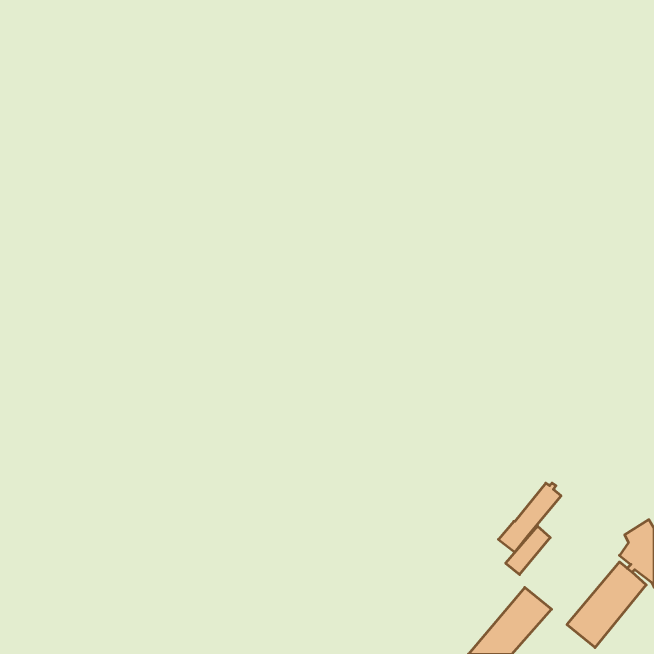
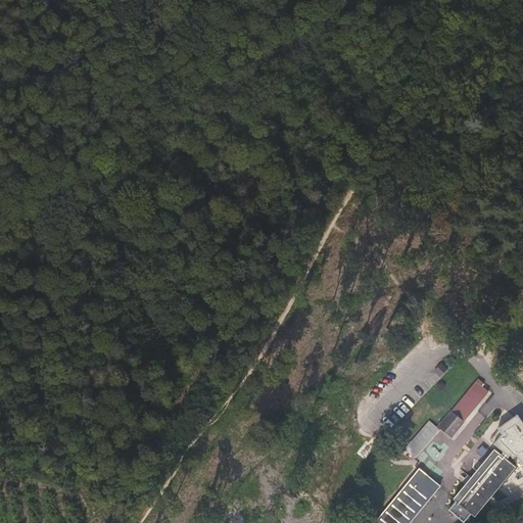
building: [498,483,561,552] -> [438,381,488,436]

